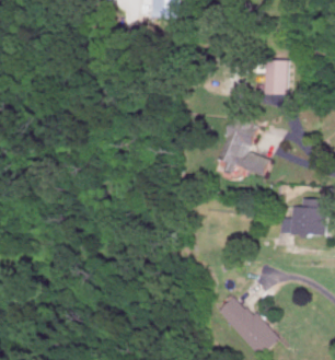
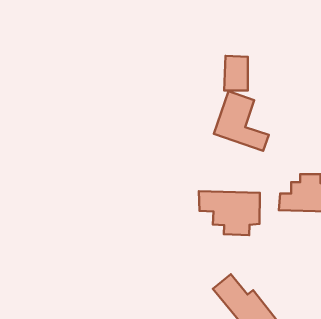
building: [264,59,287,93] -> [224,56,248,91]
building: none -> [199,191,260,235]

